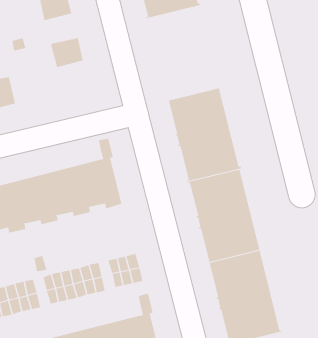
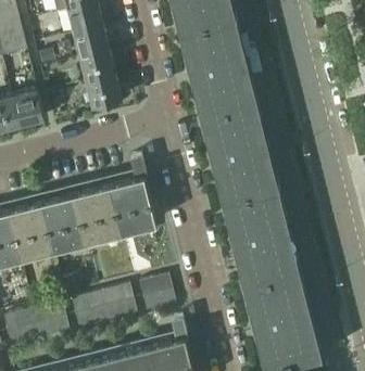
building: none -> [177,16,254,115]
building: none -> [72,25,108,56]
building: none -> [85,74,119,106]

